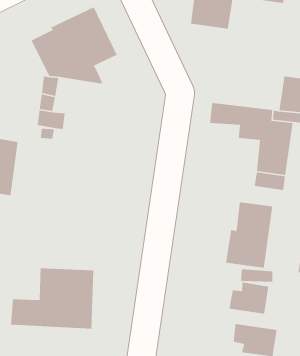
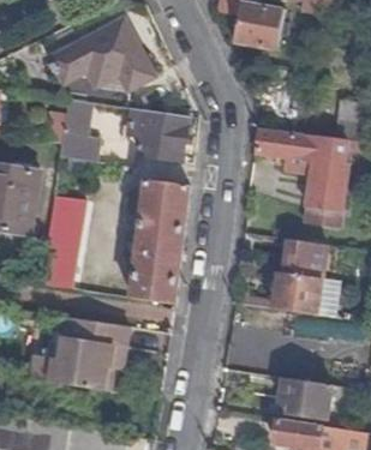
building: none -> [132,108,189,161]
building: none -> [131,179,190,304]
building: none -> [40,196,85,289]
building: [229,282,269,314] -> none

